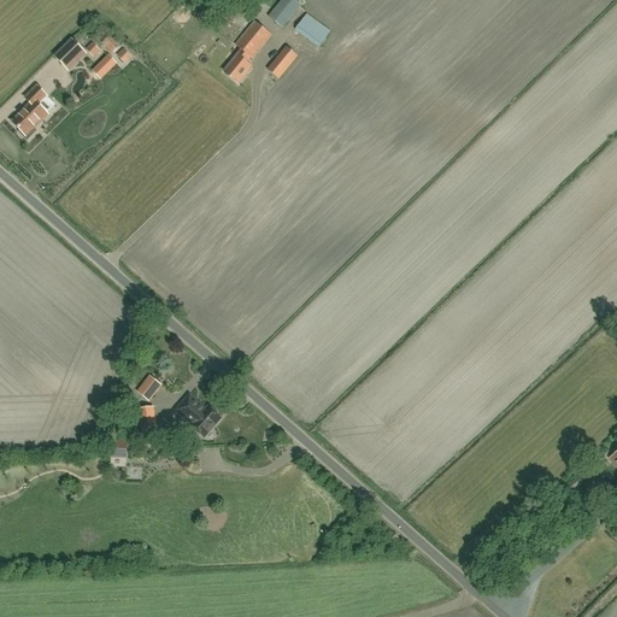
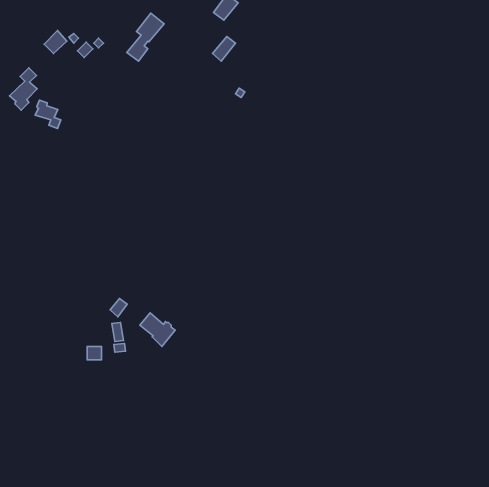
building: [295,13,330,46] -> none
building: [224,20,271,81] -> [127,13,164,61]
building: none -> [35,100,61,128]

